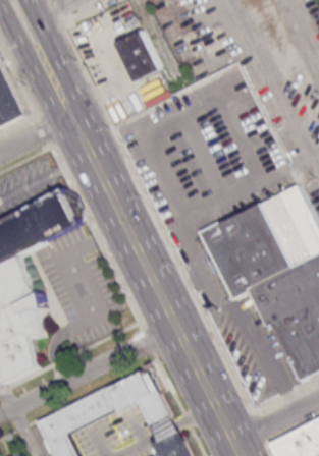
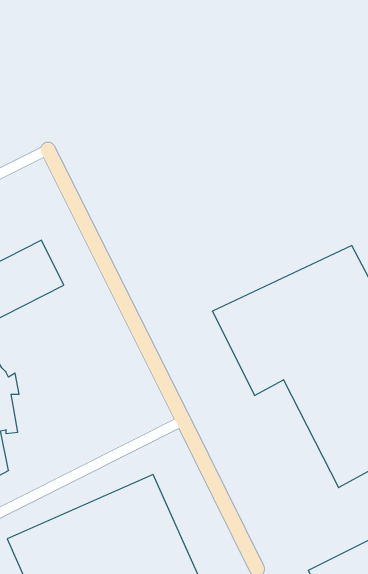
building: [114,28,159,81] -> none

